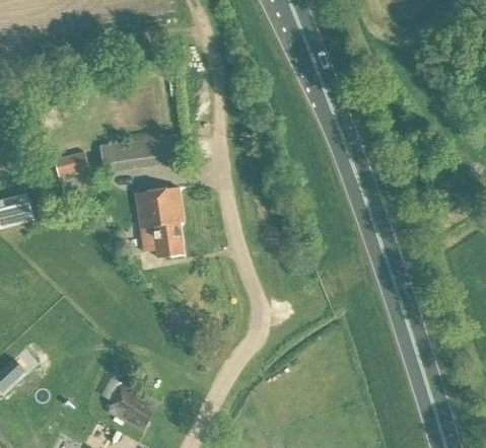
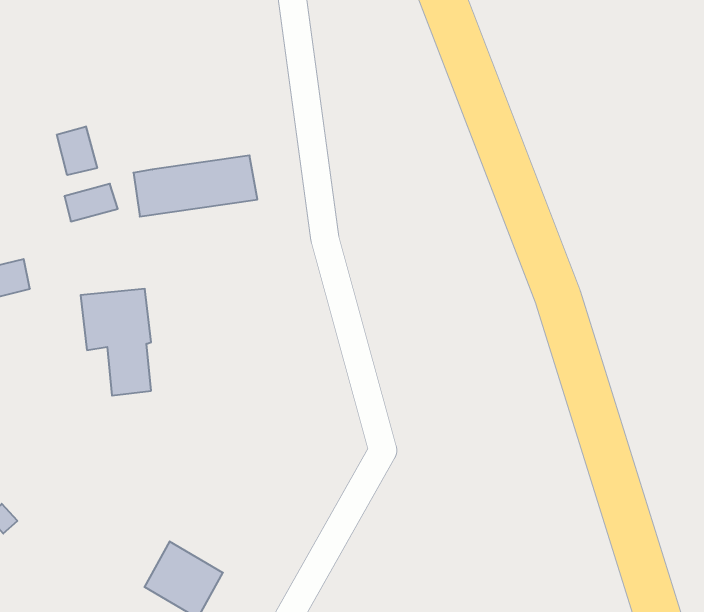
building: none -> [57,126,97,175]
building: [136,189,182,257] -> [81,289,151,396]

